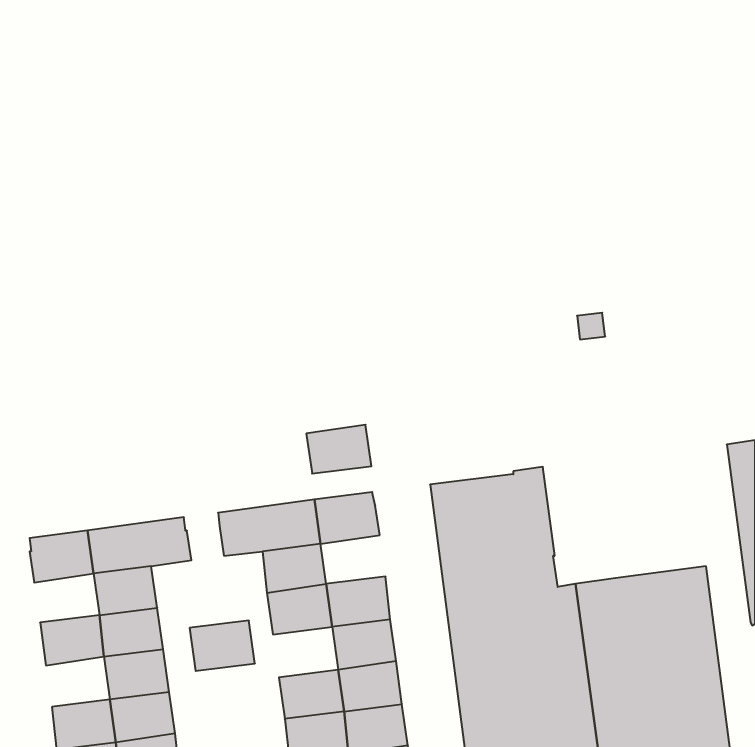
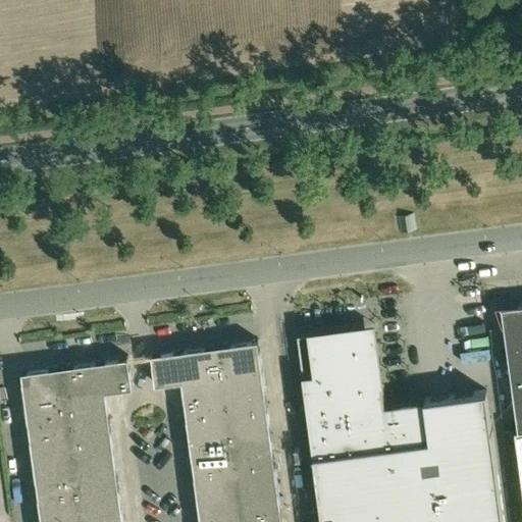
building: [306,425,371,474] -> [220,375,265,409]
building: none -> [23,402,68,435]
building: [190,621,255,671] -> [188,438,232,473]
building: none -> [32,459,75,493]

